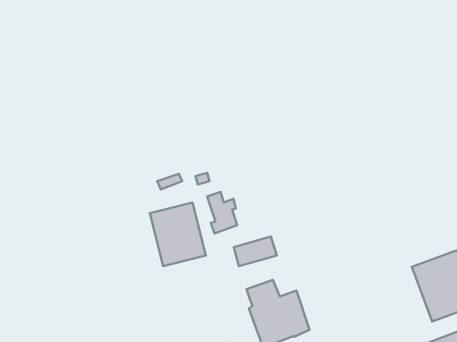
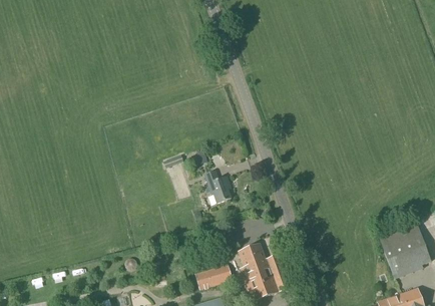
building: [150,203,206,266] -> none
building: [234,236,277,266] -> [195,263,232,288]

